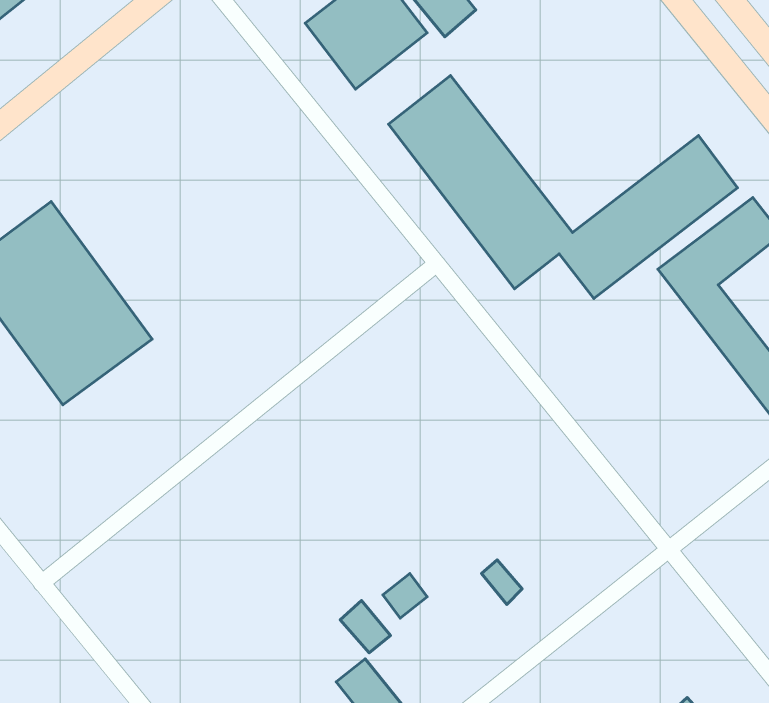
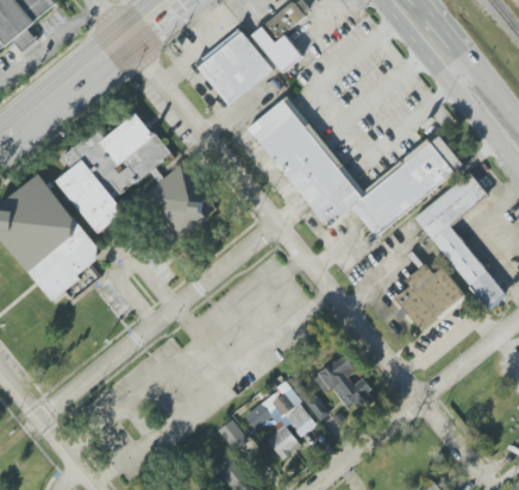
building: none -> [56,111,170,231]
building: none -> [133,167,211,244]
building: none -> [394,264,464,331]
building: none -> [319,353,375,414]
building: none -> [267,390,309,460]

